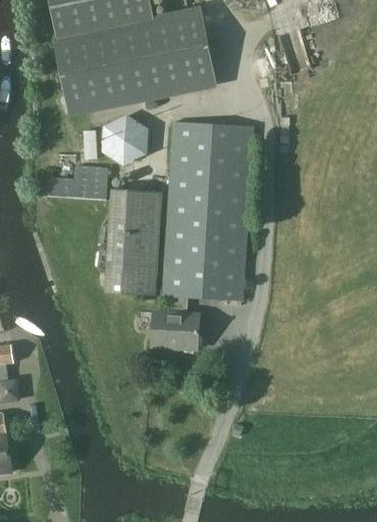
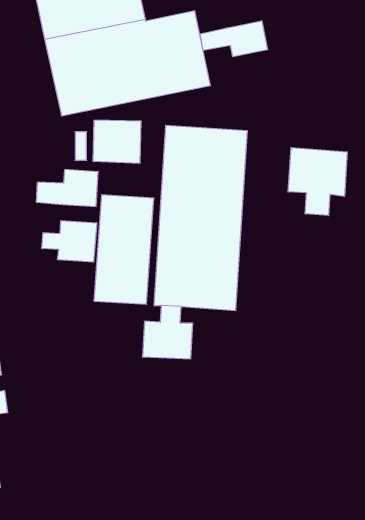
building: none -> [200,21,268,57]
building: none -> [288,147,347,216]
building: none -> [42,221,97,262]

